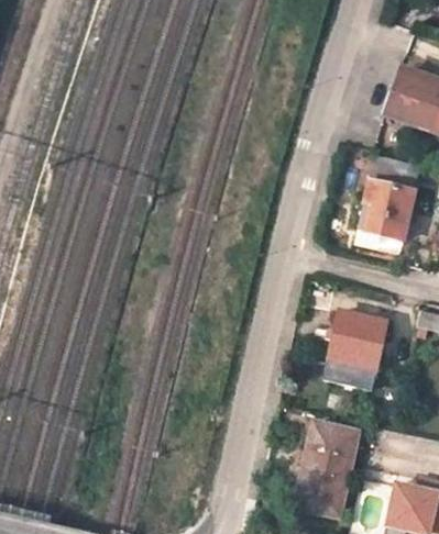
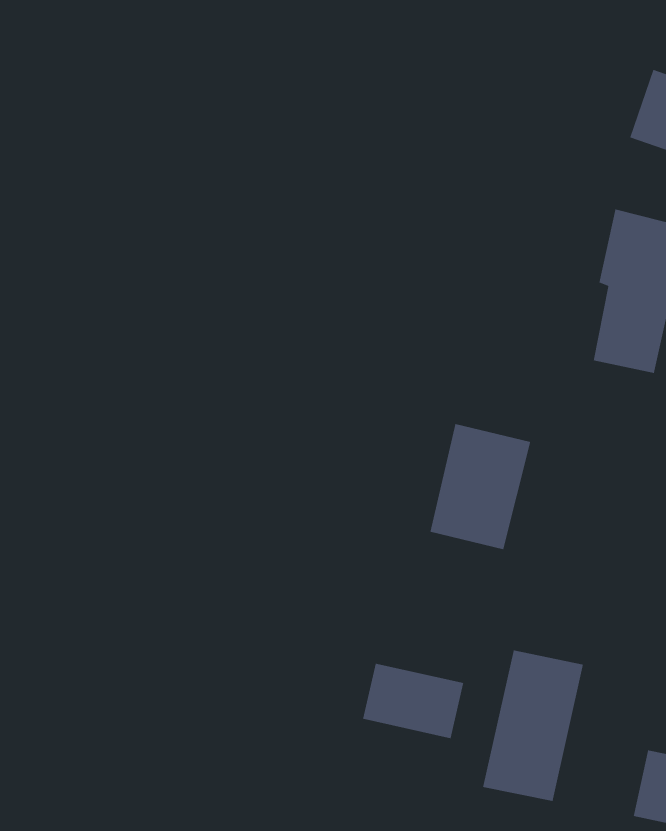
building: [326,310,387,387] -> [429,423,531,550]
building: none -> [362,663,464,739]

